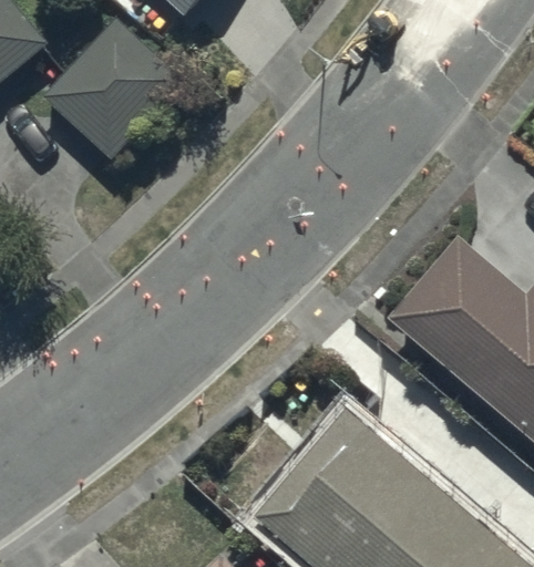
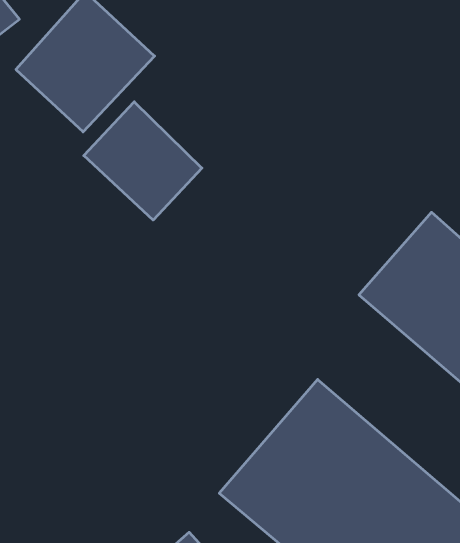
building: none -> [84,102,202,220]

